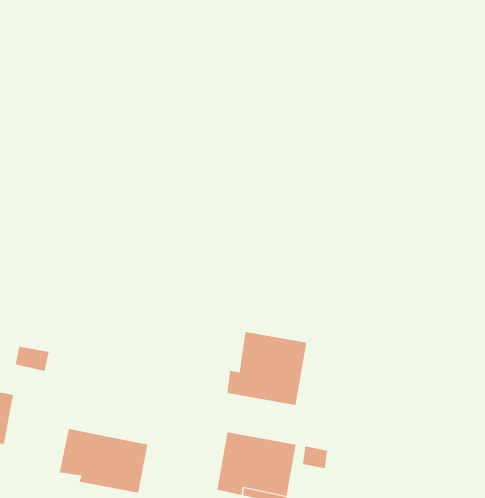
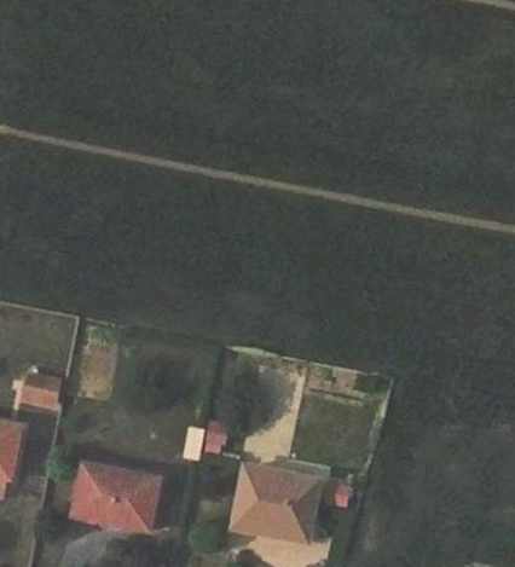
building: [227,331,307,406] -> none

